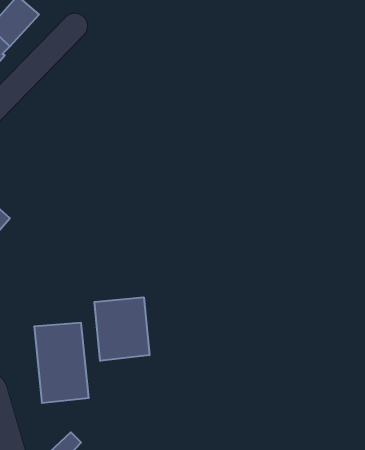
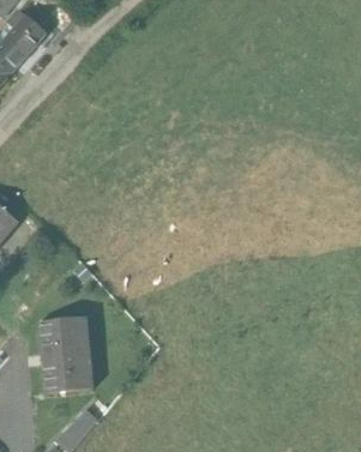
building: [94,297,149,361] -> none

